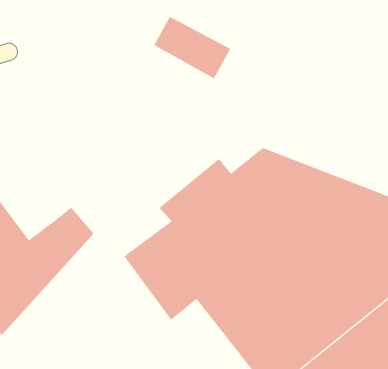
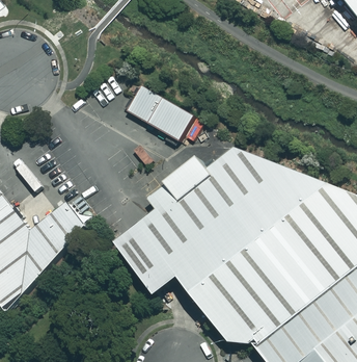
building: [154,16,231,79] -> [126,86,192,140]

